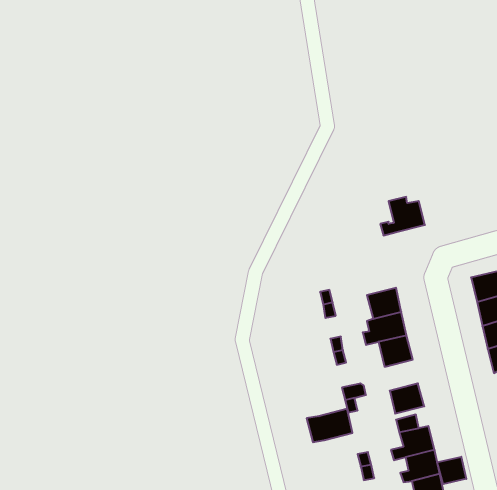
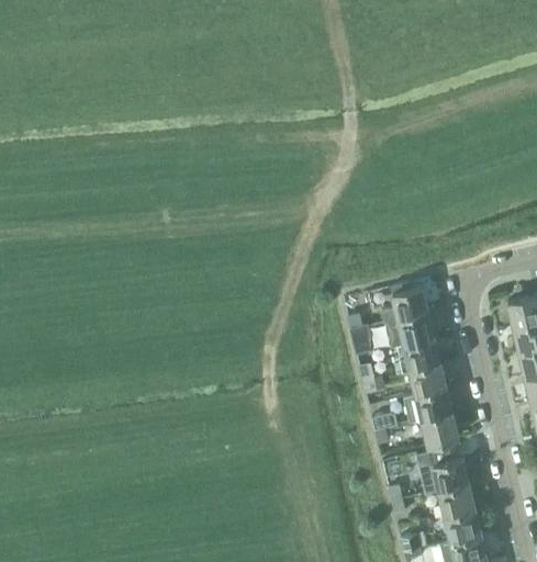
building: [380,197,425,235] -> [381,283,428,324]
building: [307,409,352,442] -> [403,389,451,424]
building: [437,457,466,484] -> none

